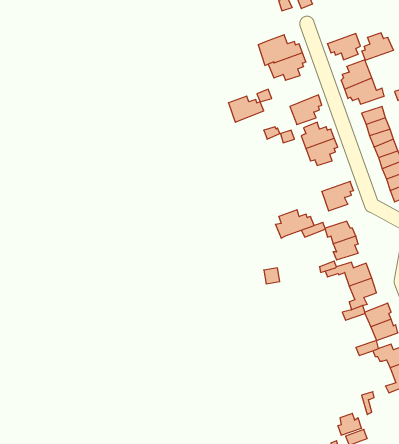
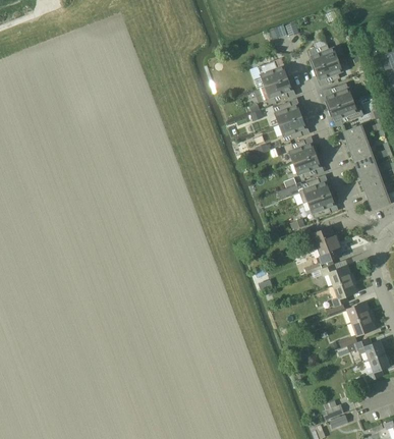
building: [362,33,394,60] -> [309,45,338,69]
building: [228,96,264,122] -> [273,102,304,125]
building: [275,210,314,238] -> [298,178,333,204]

